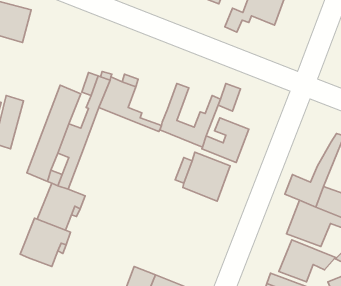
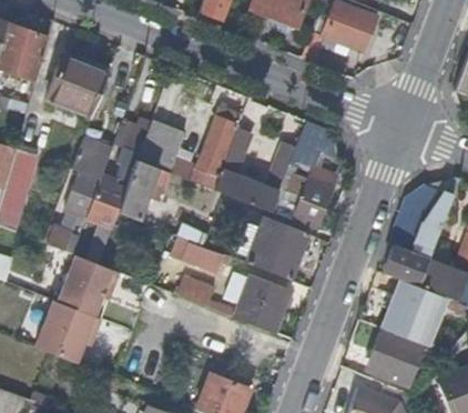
building: none -> [50,48,114,111]
building: none -> [195,107,237,178]
building: none -> [118,159,160,220]
building: none -> [393,195,438,255]
building: none -> [176,236,235,278]
building: none -> [177,274,289,333]

